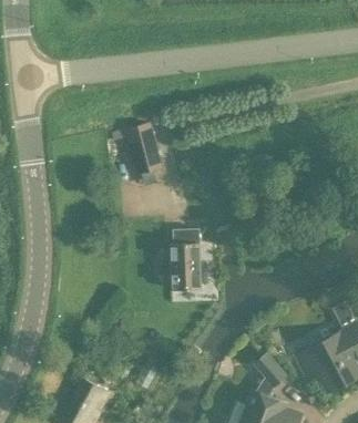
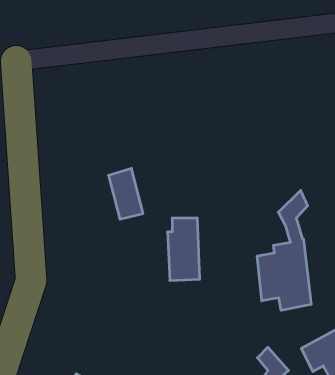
building: [127,123,161,172] -> [108,168,143,219]
building: none -> [257,190,311,310]

